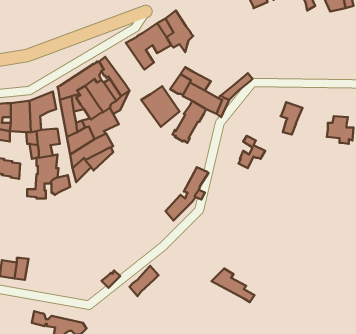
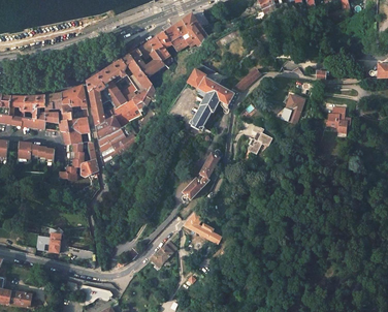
building: [141,86,179,127] -> [129,41,163,77]
building: [211,268,254,302] -> [183,213,221,243]

